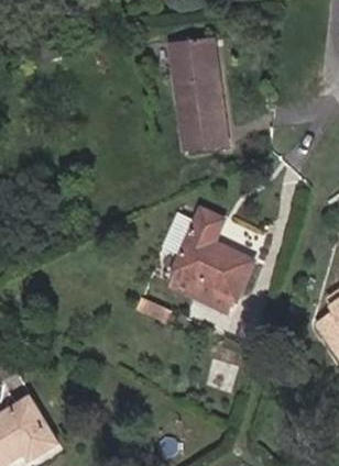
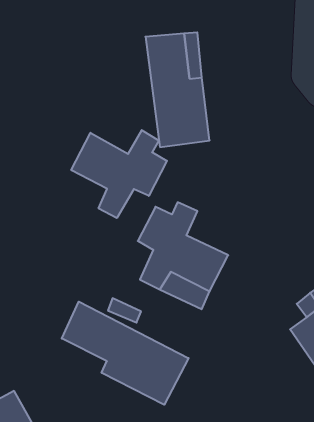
building: none -> [71,130,167,218]
building: none -> [62,302,189,405]

